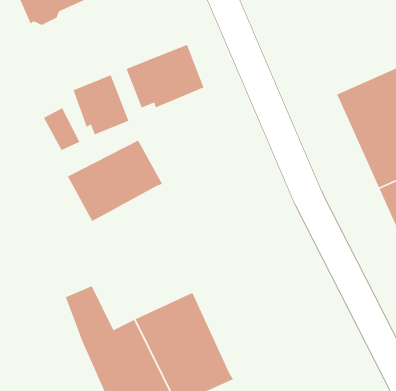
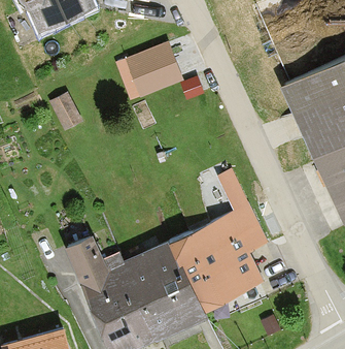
building: [72,74,130,135] -> none
building: [67,140,163,222] -> none
building: none -> [171,170,266,307]

